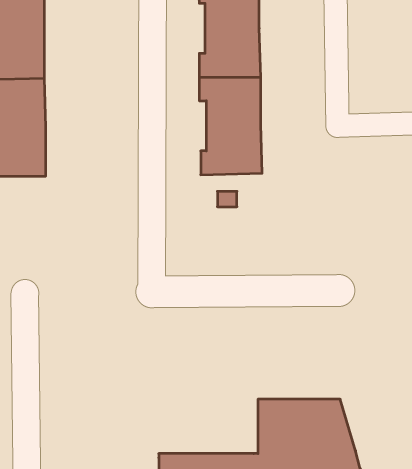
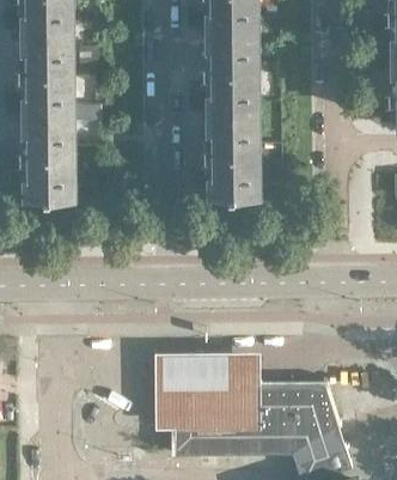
building: none -> [149,348,256,430]

